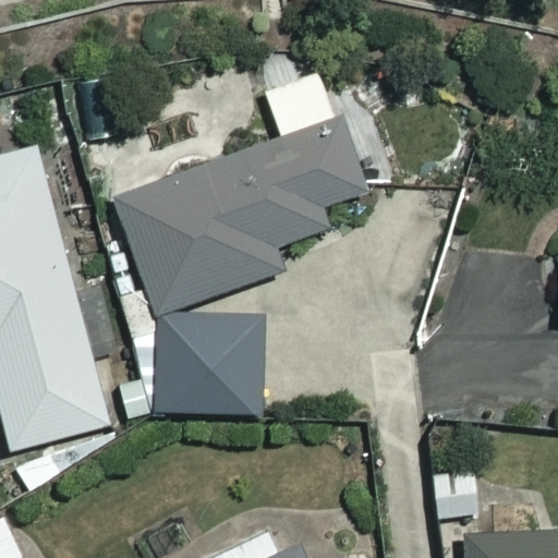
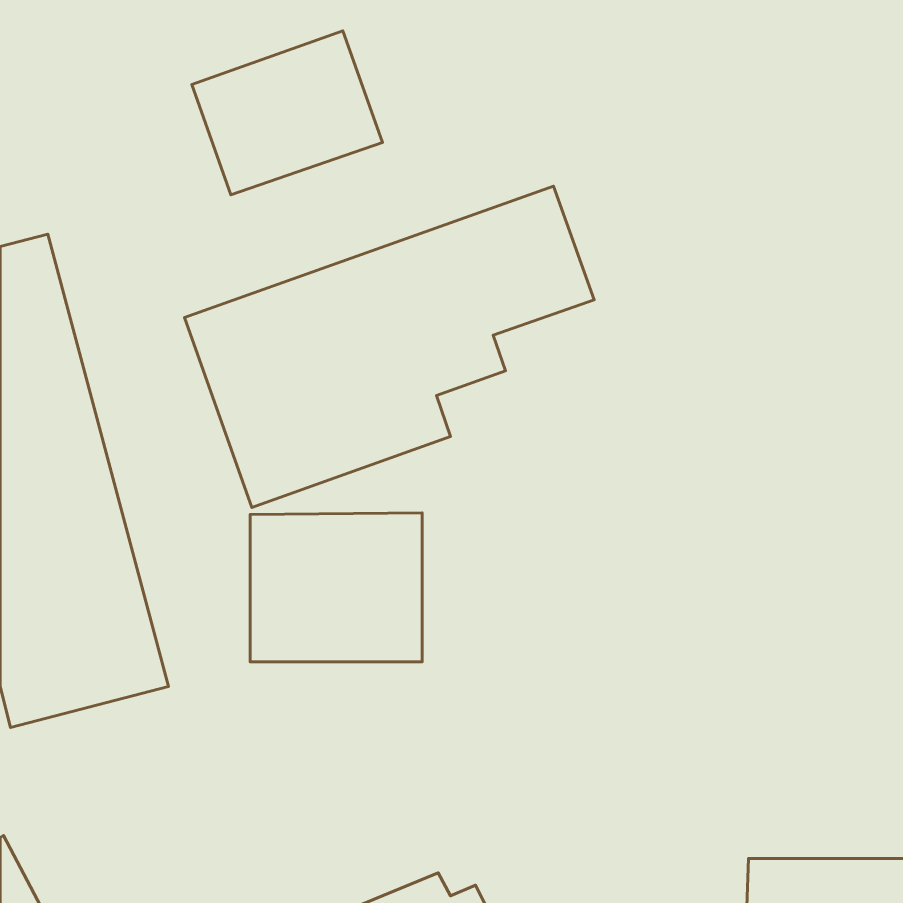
building: none -> [192,31,383,195]

